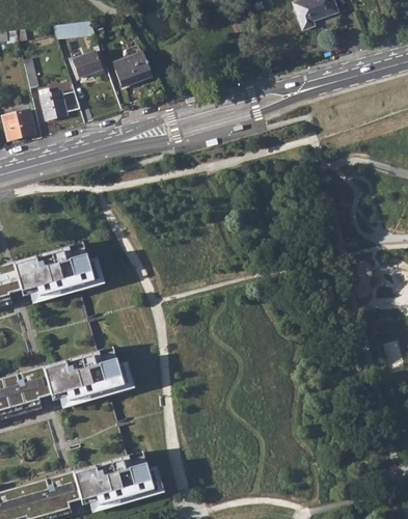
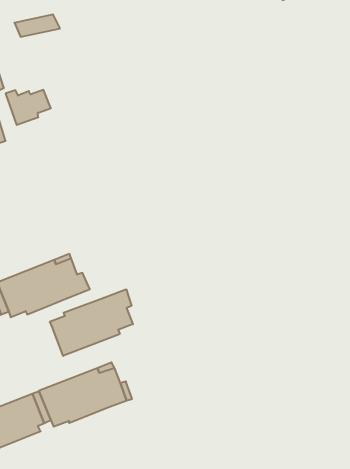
building: [72,51,103,79] -> none
building: [114,53,151,87] -> none
building: none -> [50,289,133,356]

